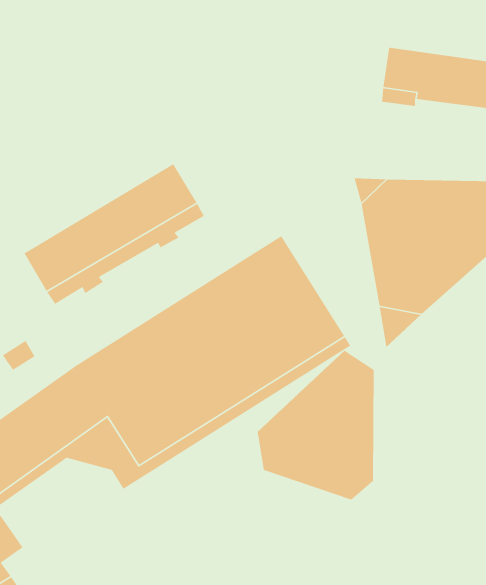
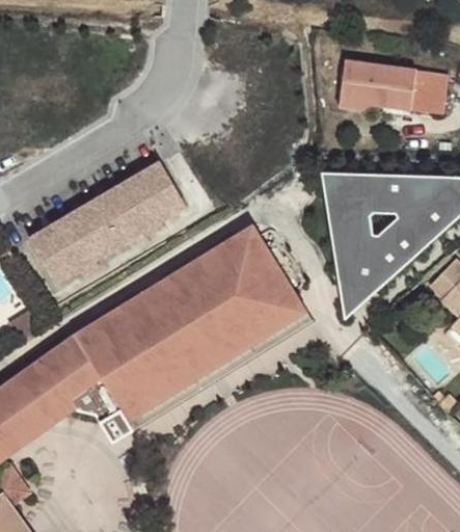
building: [257,350,374,500] -> none

